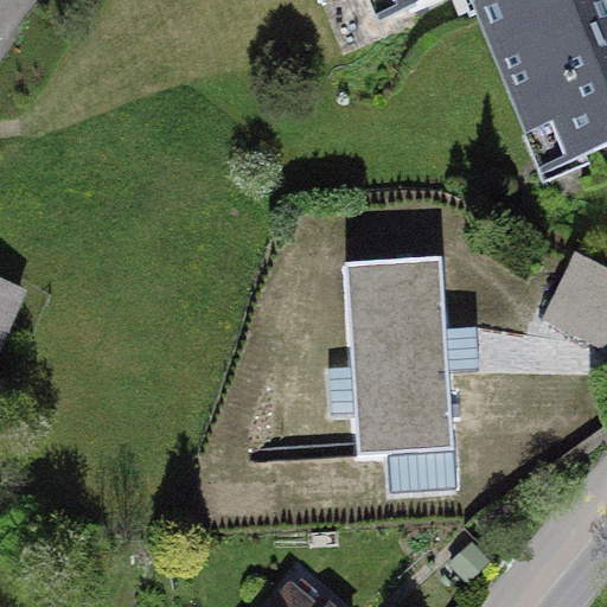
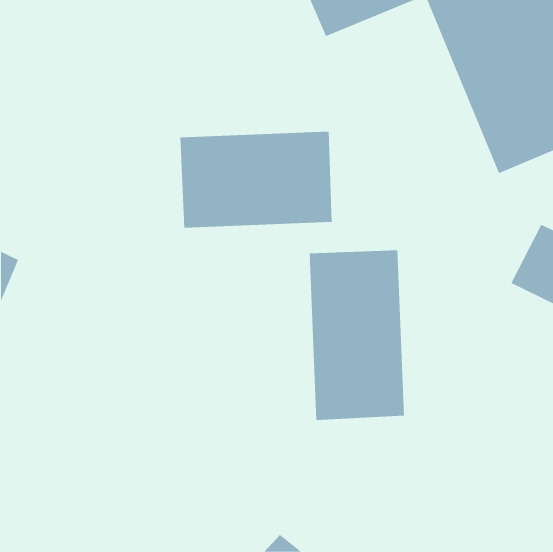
building: none -> [180,131,332,229]

